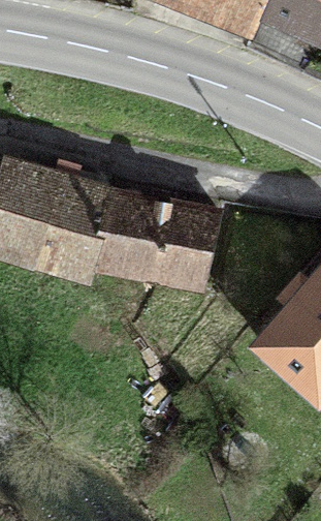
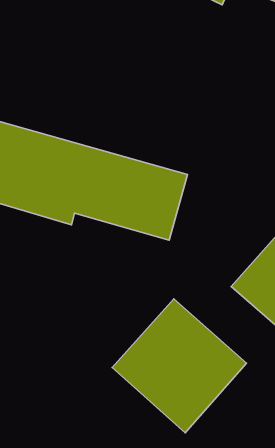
building: none -> [112,299,247,433]

